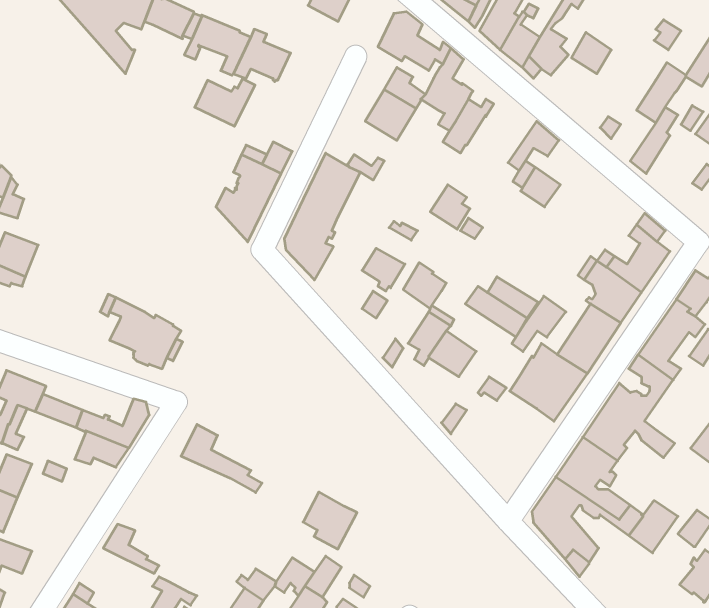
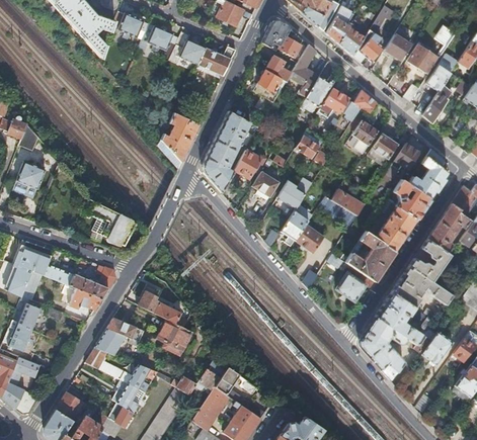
building: none -> [406,42,438,73]
building: [195,79,255,126] -> [197,46,236,76]
building: none -> [318,88,350,117]
building: none -> [368,134,398,165]
building: none -> [234,150,265,179]
building: [512,296,566,352] -> [385,143,419,178]
building: none -> [335,272,374,301]
building: none -> [95,318,144,354]
building: [303,492,357,549] -> [157,318,191,354]
building: none -> [128,364,157,390]

